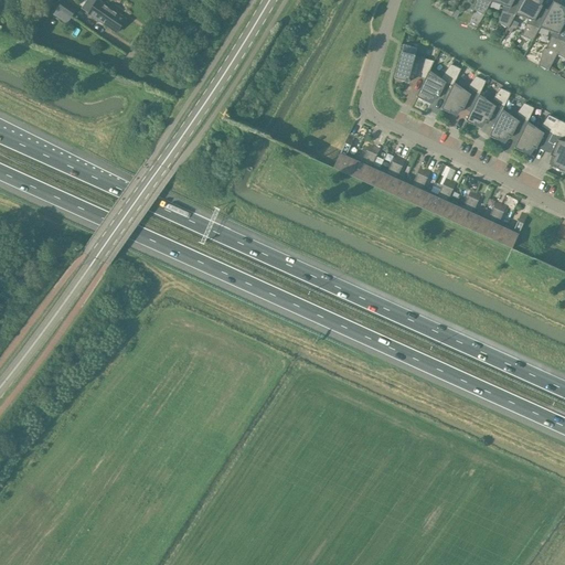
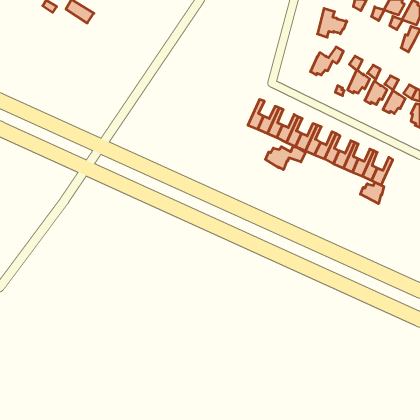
building: [394,43,434,82] -> [317,8,347,37]
building: [440,82,470,113] -> none
building: none -> [265,146,305,170]
building: none -> [360,182,384,204]

